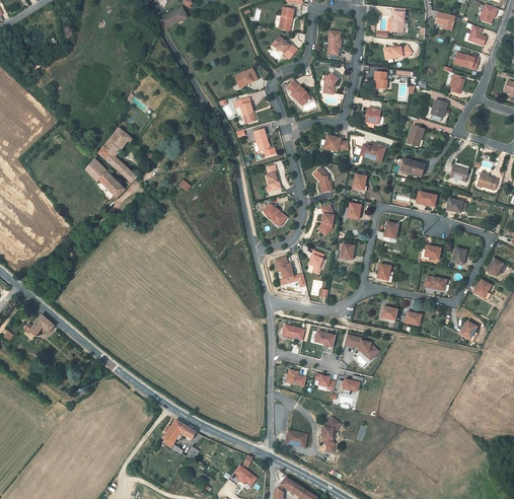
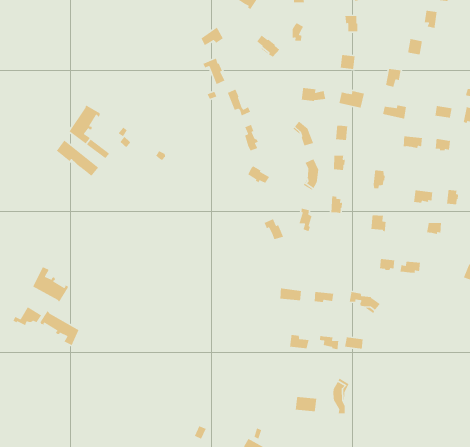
building: none -> [32,266,69,303]
building: none -> [39,310,80,346]
building: [163,419,197,453] -> none

